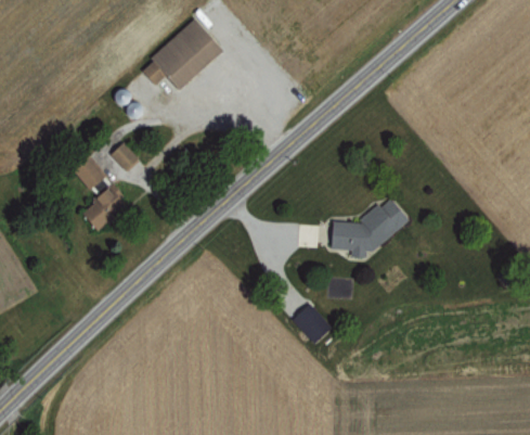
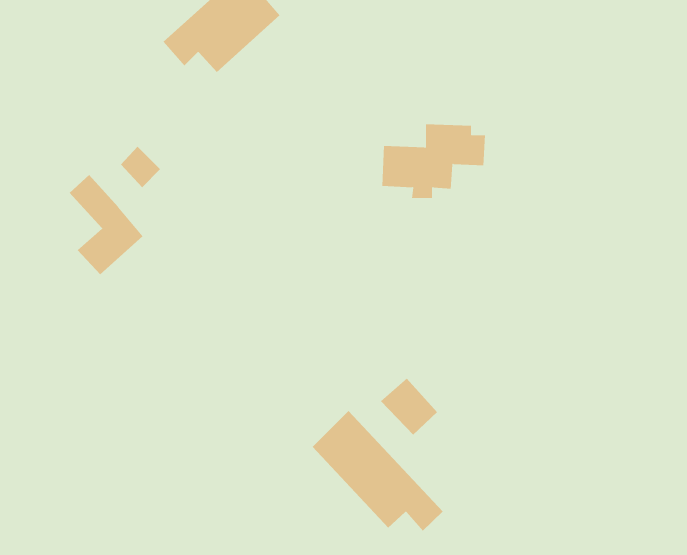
building: [332,206,404,258] -> [381,124,486,199]
building: none -> [312,410,443,532]

